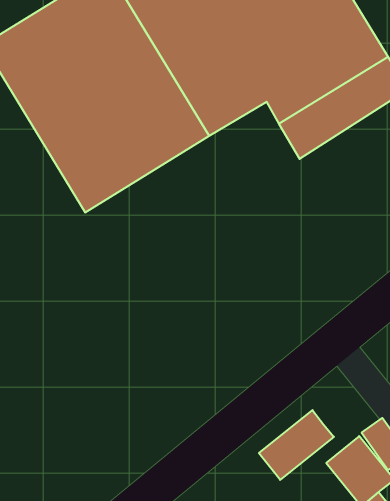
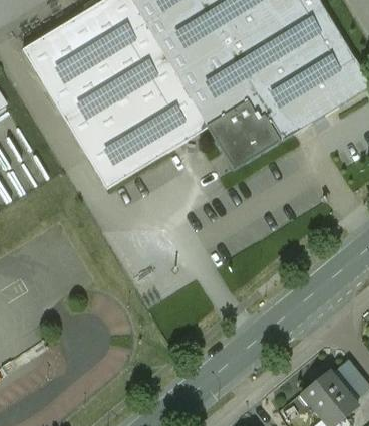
building: none -> [207,95,281,169]
building: [259,410,334,480] -> none

